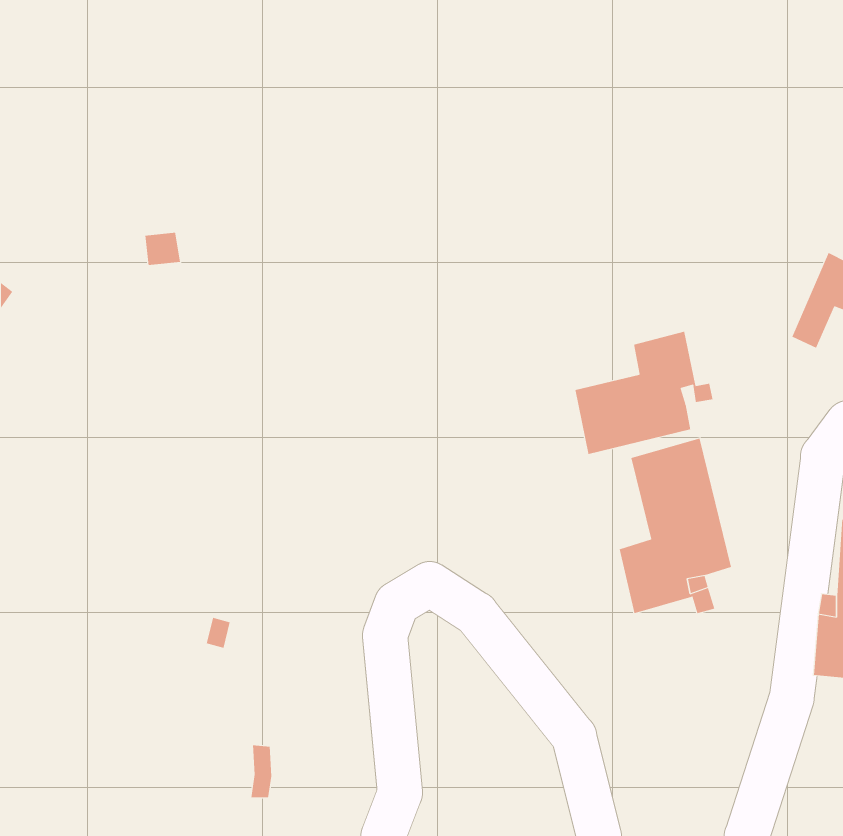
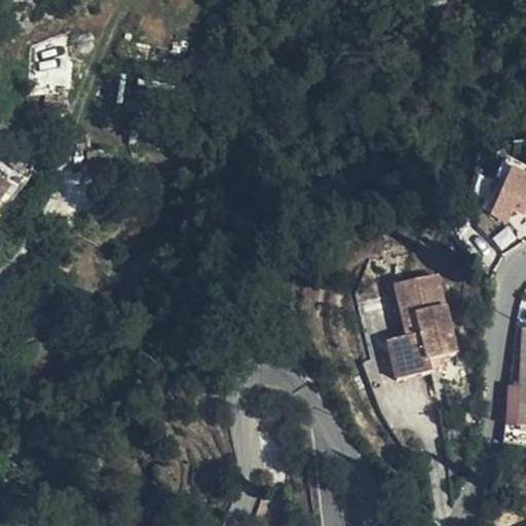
building: [575,331,713,455] -> none

